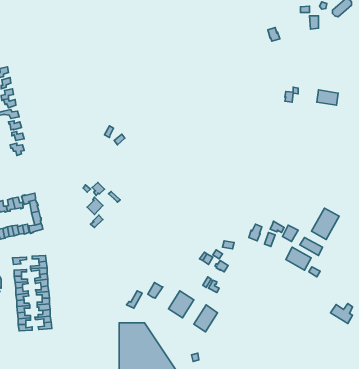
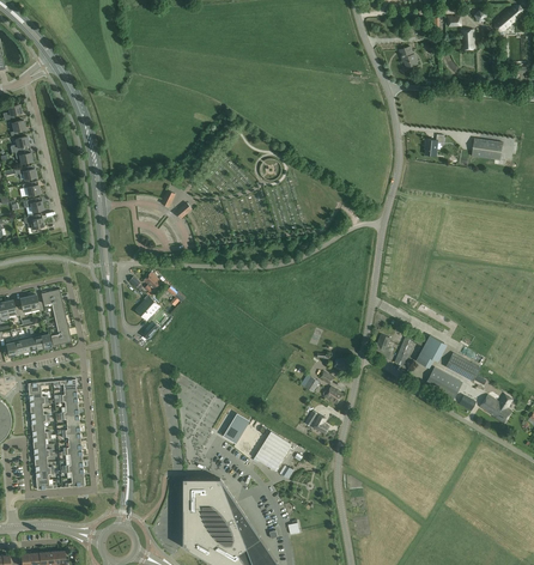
building: [312,208,339,239] -> none
building: [331,304,353,323] -> [480,394,512,423]
building: [194,305,218,332] -> none

